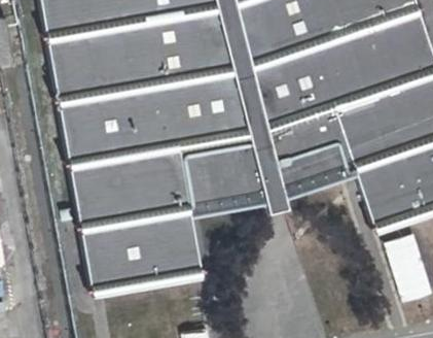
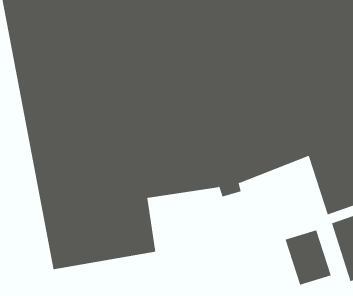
building: none -> [285,230,331,286]

